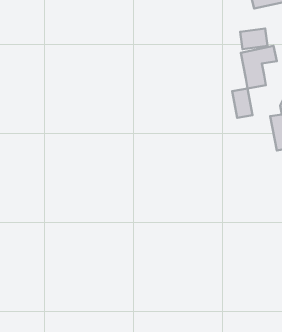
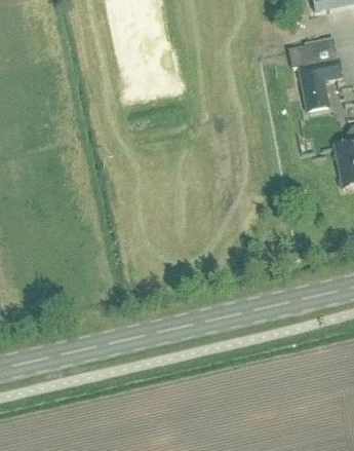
building: [232,89,253,118] -> none

